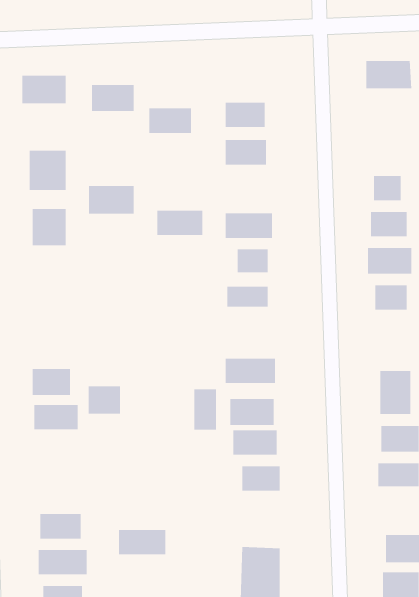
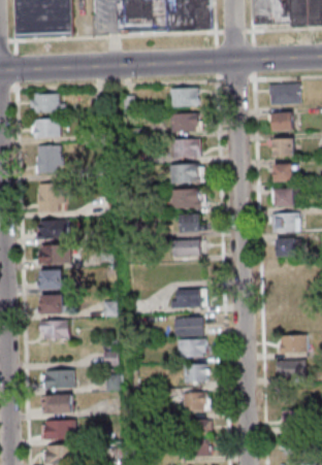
building: [91,84,134,111] -> [31,120,61,138]
building: none -> [269,111,293,130]
building: [149,108,192,133] -> [170,88,200,105]
building: none -> [272,138,294,156]
building: [88,186,134,214] -> [38,221,70,240]
building: [157,210,203,236] -> [171,164,203,181]
building: none -> [39,246,67,265]
building: [380,370,411,415] -> none
building: [88,386,121,414] -> [39,271,62,291]
building: [194,388,217,431] -> none
building: none -> [183,391,210,409]
building: [118,529,166,555] -> [42,371,75,389]

